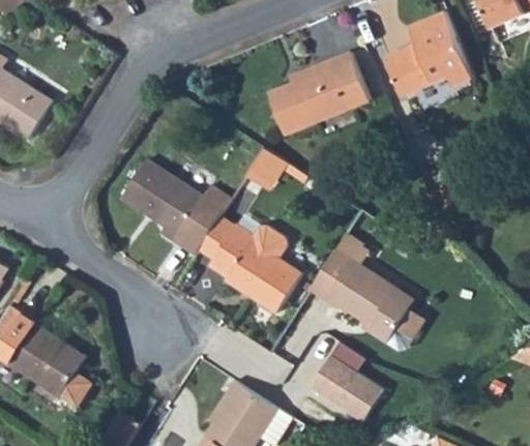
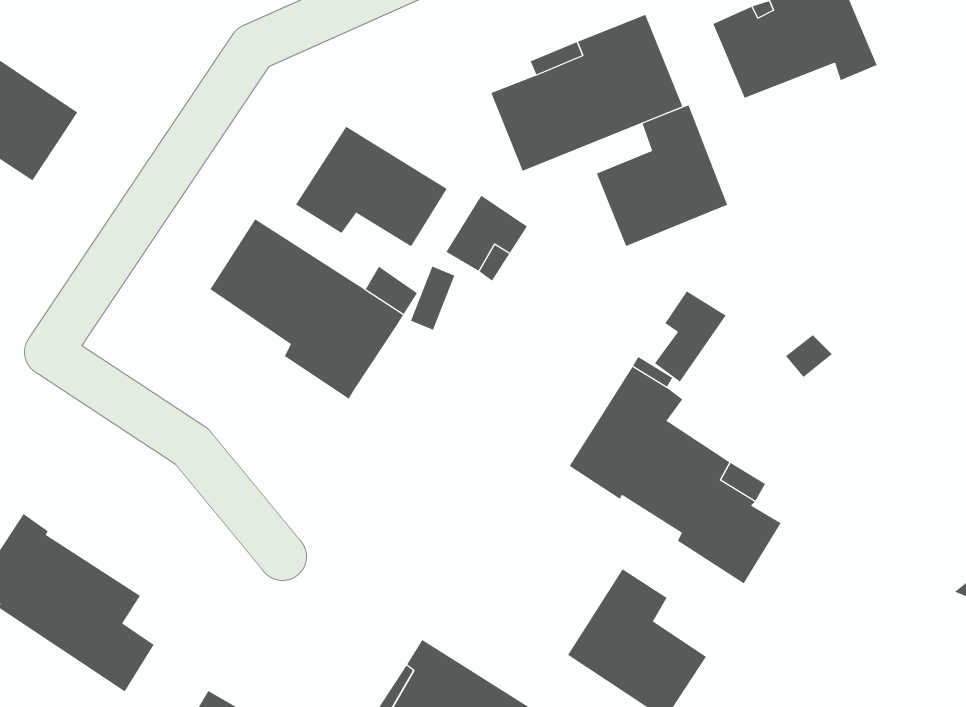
building: none -> [596,104,728,247]
building: none -> [295,126,448,247]
building: none -> [654,290,727,383]
building: [197,214,300,313] -> none

